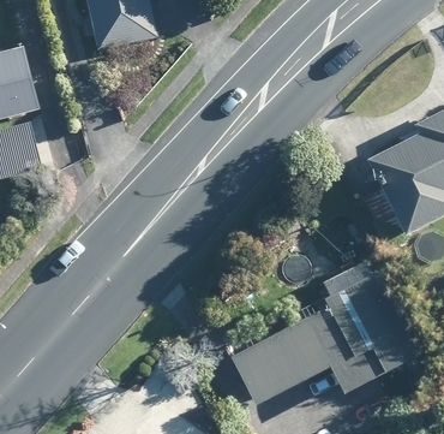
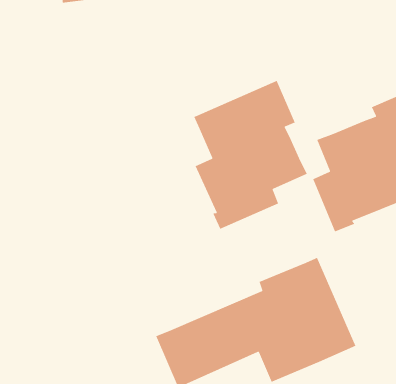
building: none -> [193,80,308,230]

